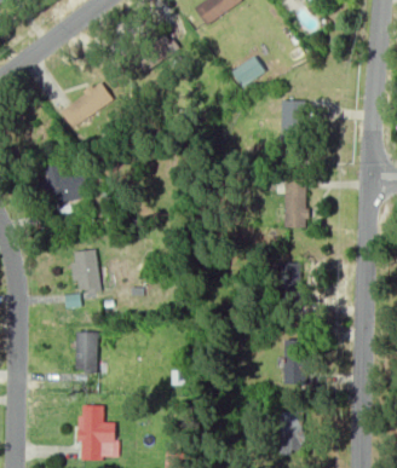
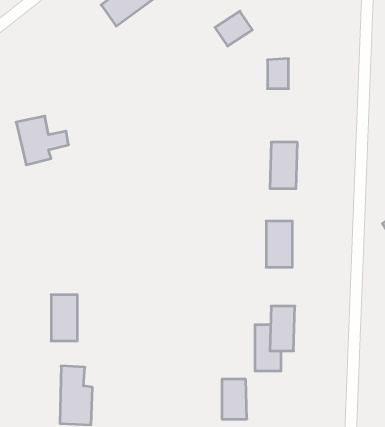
building: [67,76,117,123] -> none
building: [70,252,102,300] -> none
building: [280,415,304,453] -> [222,379,247,419]

